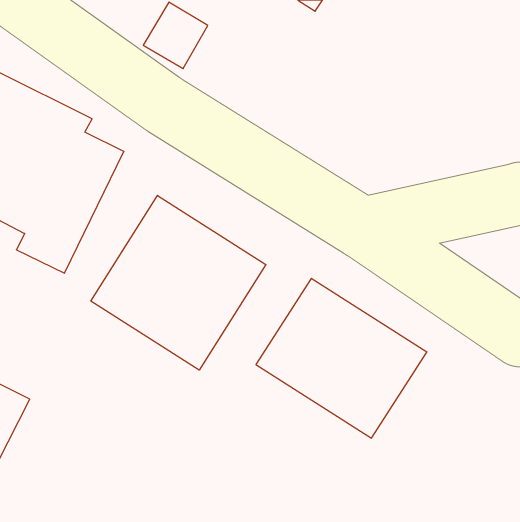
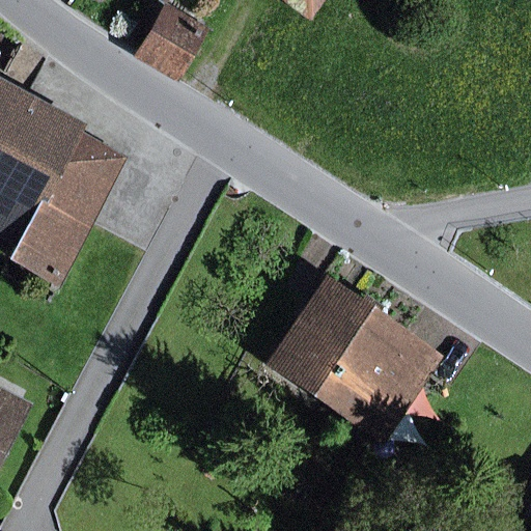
building: [91,195,266,370] -> none

